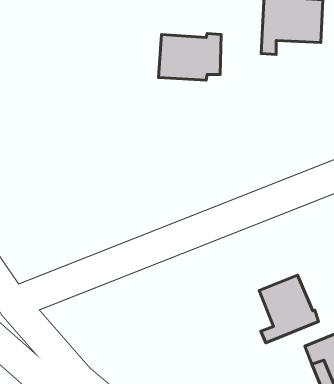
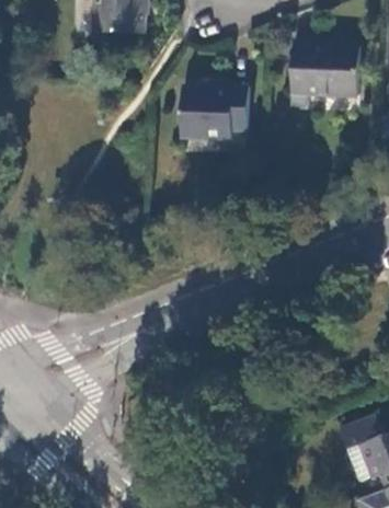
building: [259,275,319,343] -> none

